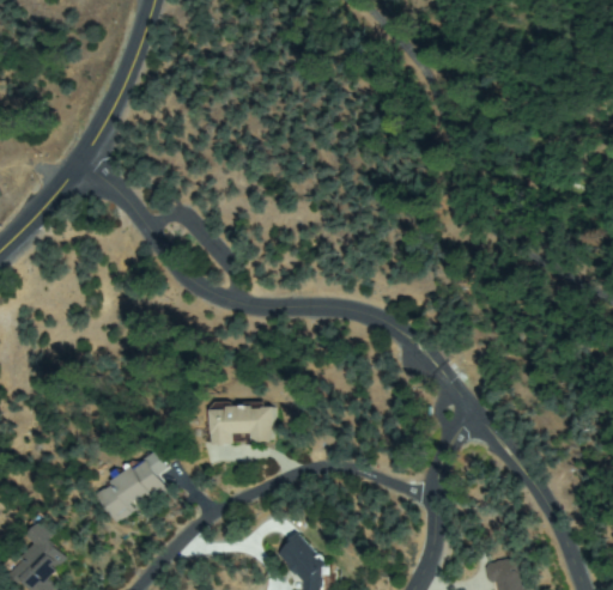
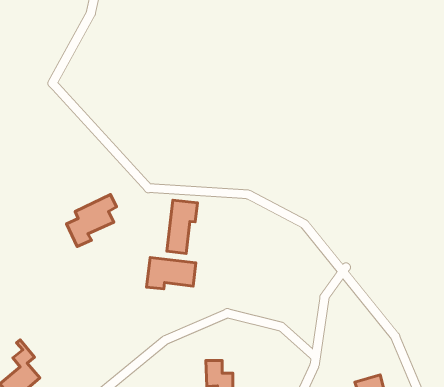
building: none -> [167,200,197,253]
building: [98,452,165,522] -> [66,194,117,246]

